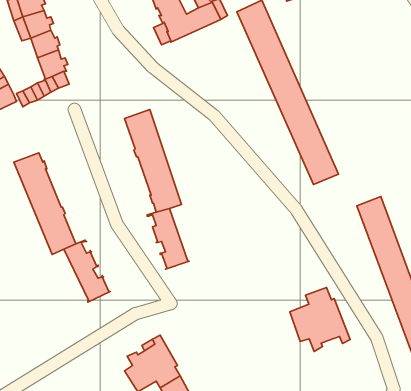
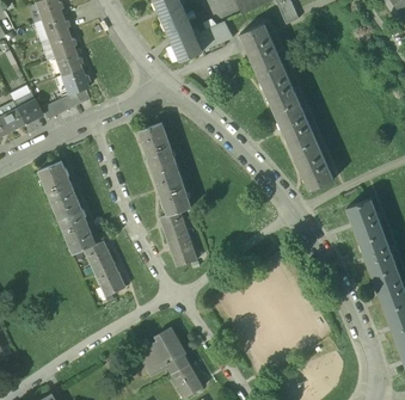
building: [290,287,350,351] -> none

